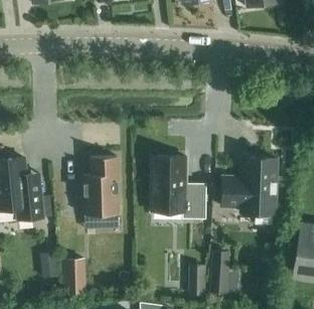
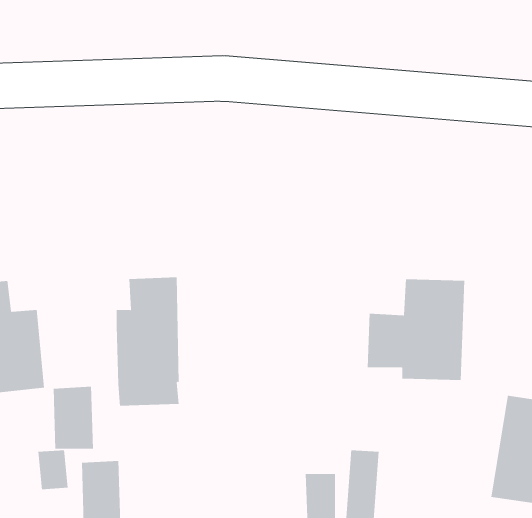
building: [151,157,204,218] -> none
building: none -> [53,386,93,449]

